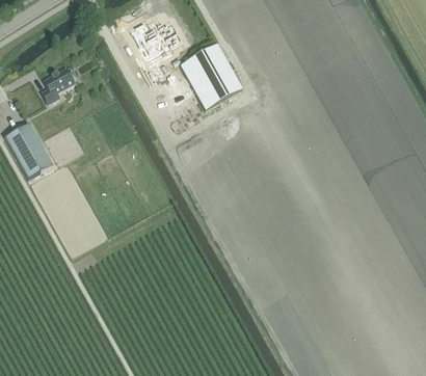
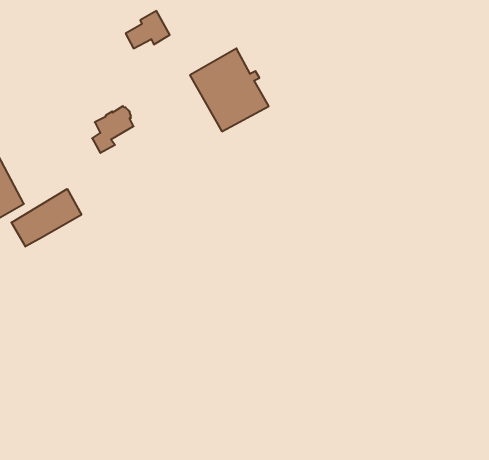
building: [42,70,74,106] -> [92,106,134,153]
building: none -> [11,189,81,247]

